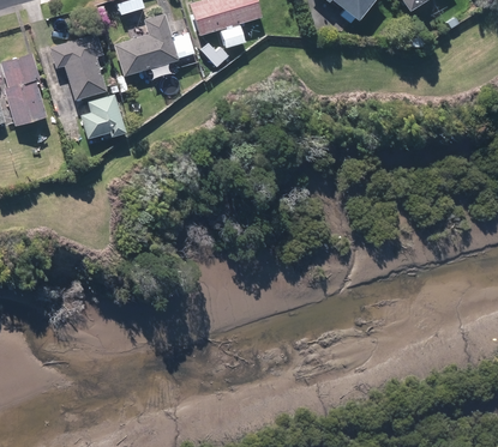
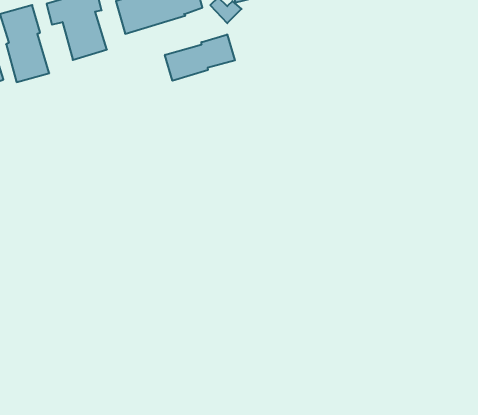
building: none -> [165,34,235,81]
building: [79,95,125,139] -> none

